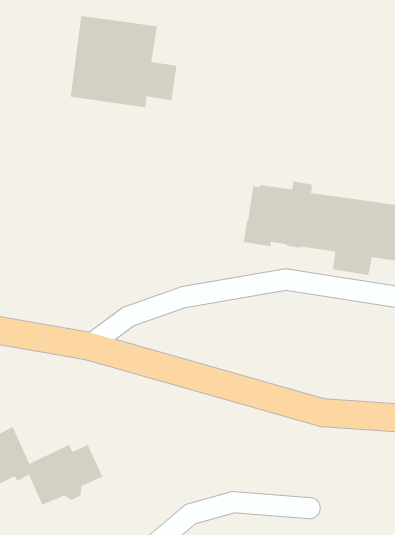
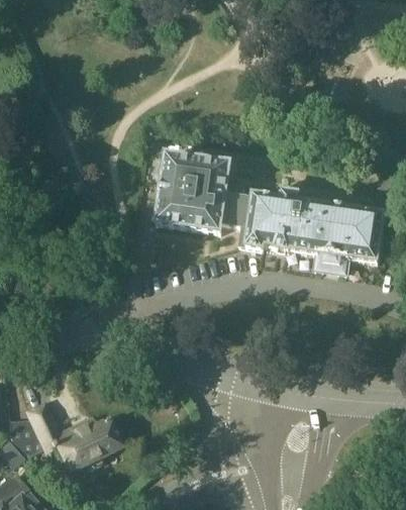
building: [70,15,177,108] -> [156,152,246,231]

